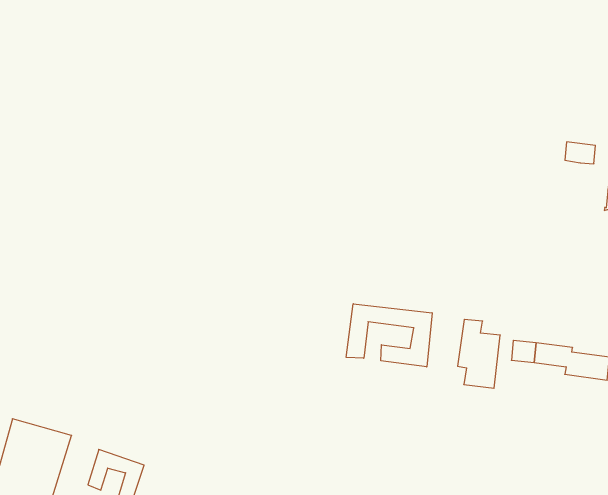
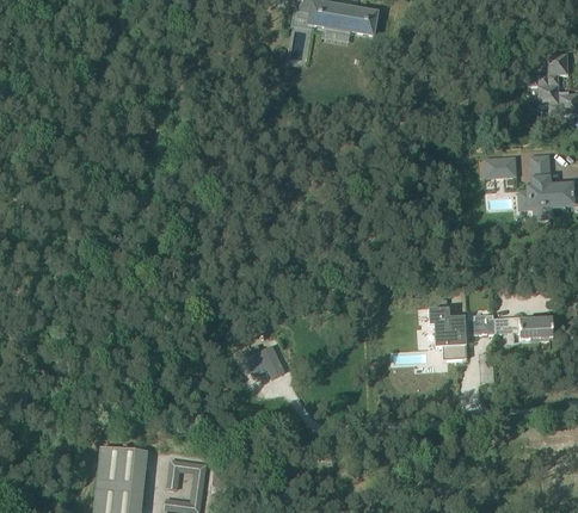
building: [346,304,432,367] -> none
building: none -> [244,342,285,377]

